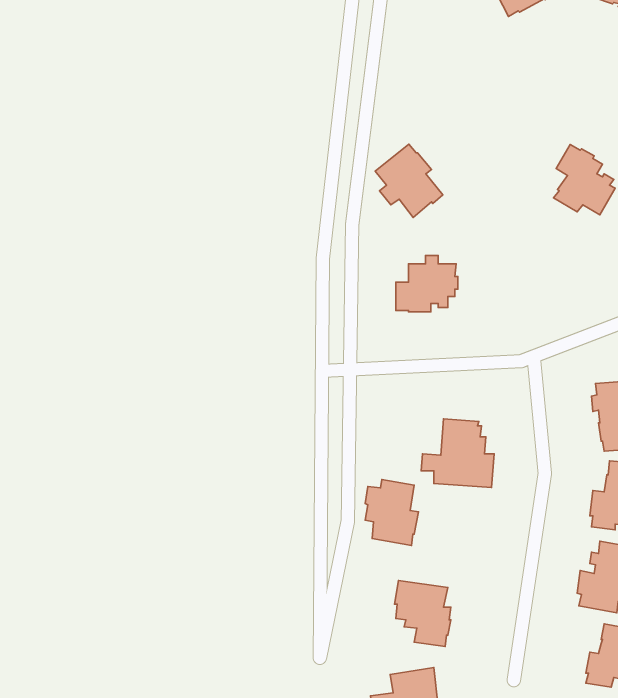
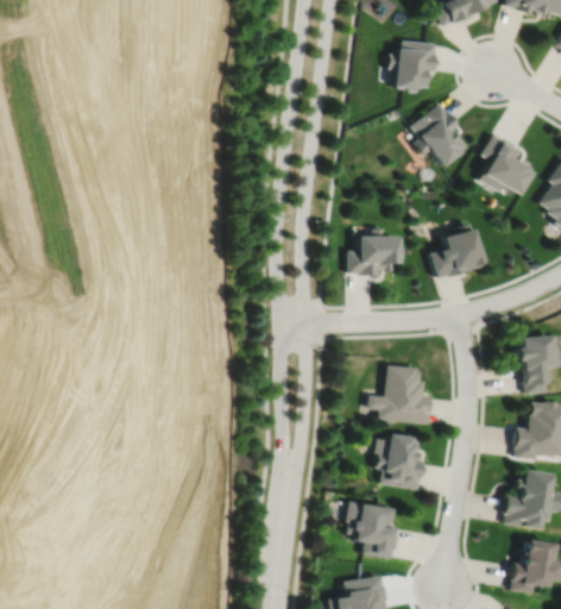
building: none -> [391,39,437,90]
building: [375,144,443,217] -> [414,102,471,164]
building: none -> [433,222,486,277]
building: [365,479,419,546] -> [378,433,423,489]

